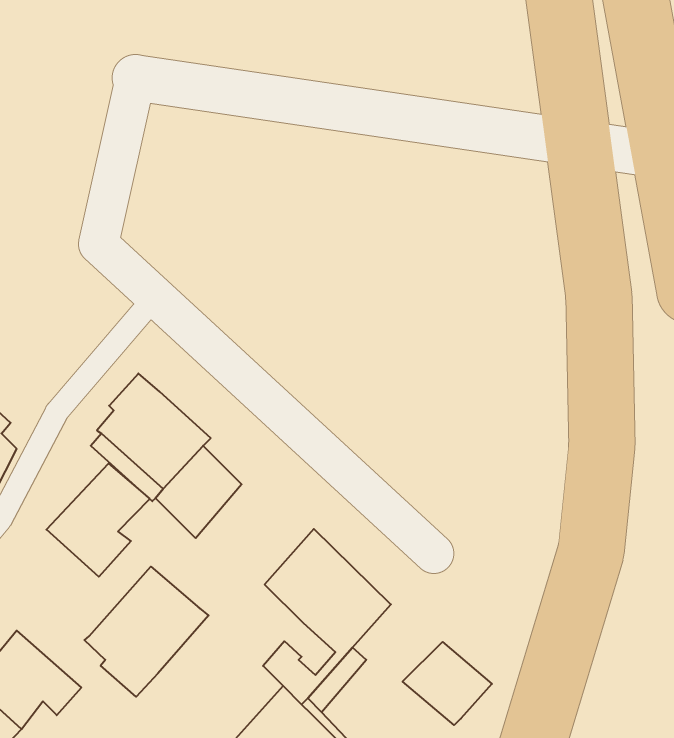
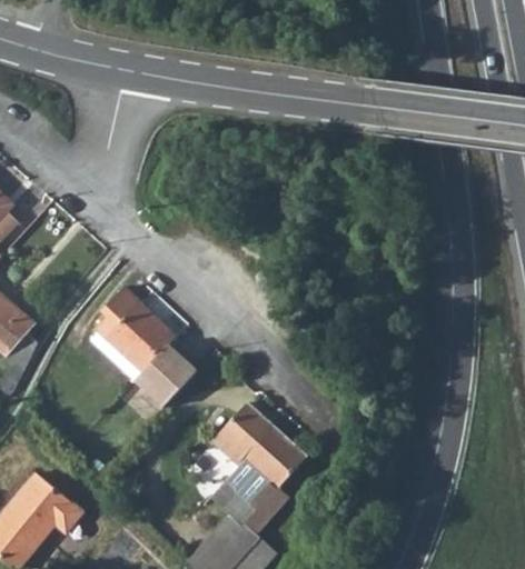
building: [46,463,150,577] -> none
building: [84,567,209,697] -> none
building: [403,642,492,725] -> none

